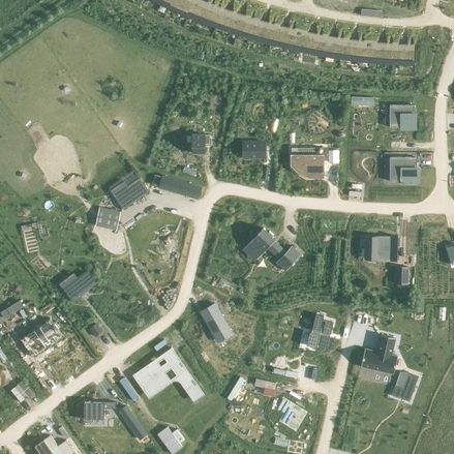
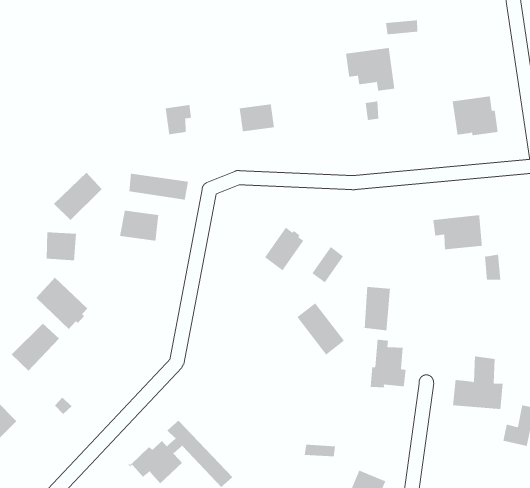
building: [389,105,415,129] -> none
building: [291,148,322,177] -> [345,47,395,91]
building: none -> [120,210,159,242]
building: none -> [36,277,88,330]
building: none -> [364,286,391,331]
building: [200,303,231,340] -> [296,303,345,355]

